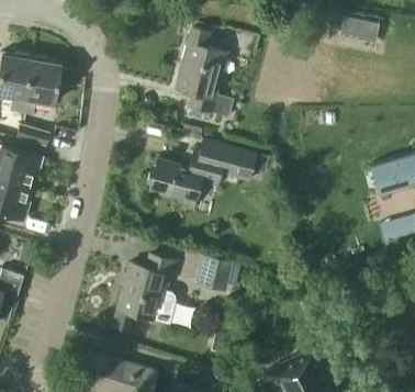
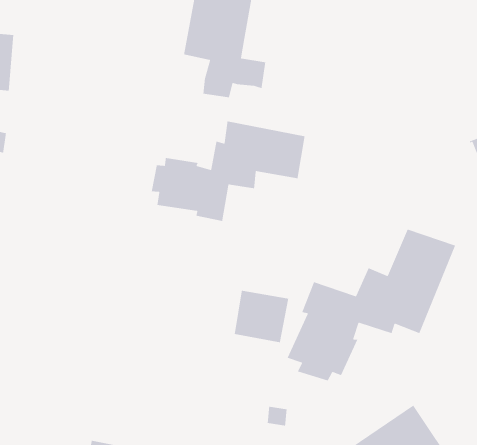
building: none -> [287,228,456,381]
building: [113,255,178,333] -> none

